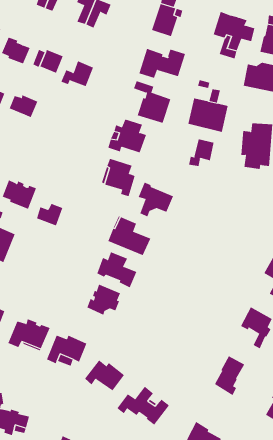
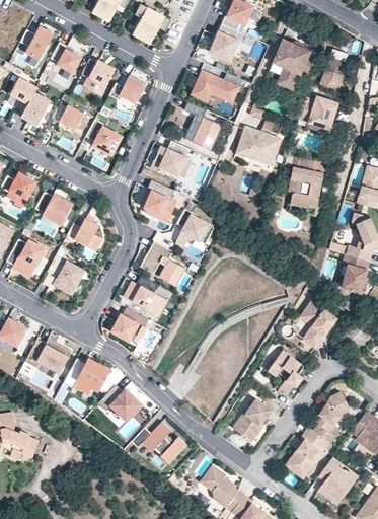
building: none -> [85,120,121,155]
building: [188,138,214,167] -> none
building: none -> [47,247,84,295]

